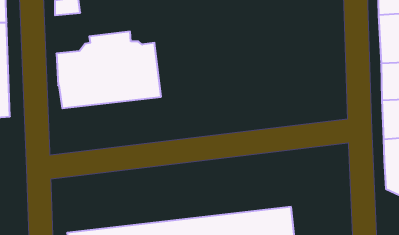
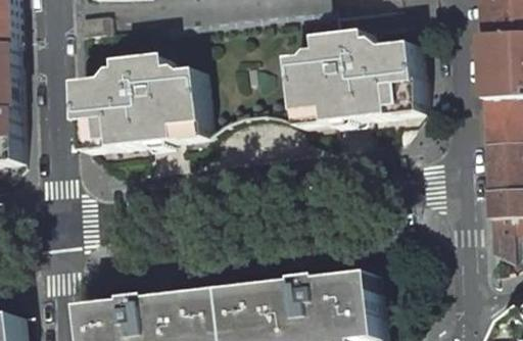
building: none -> [292,29,423,124]

